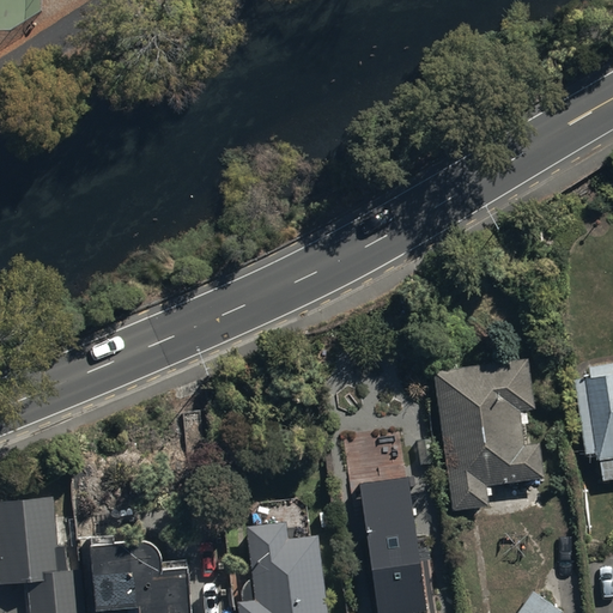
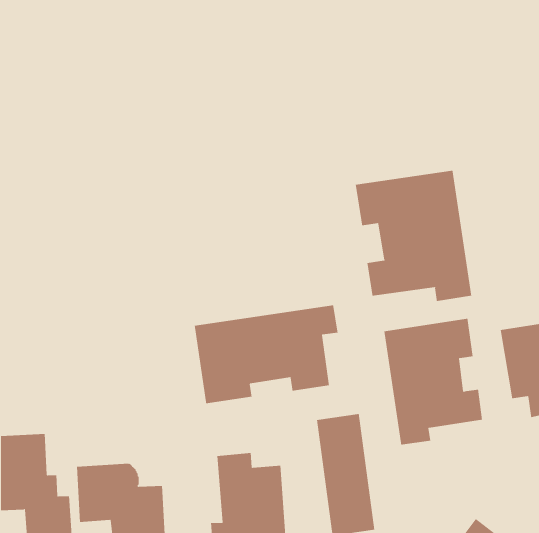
building: none -> [355,170,472,302]
building: none -> [194,304,338,404]

